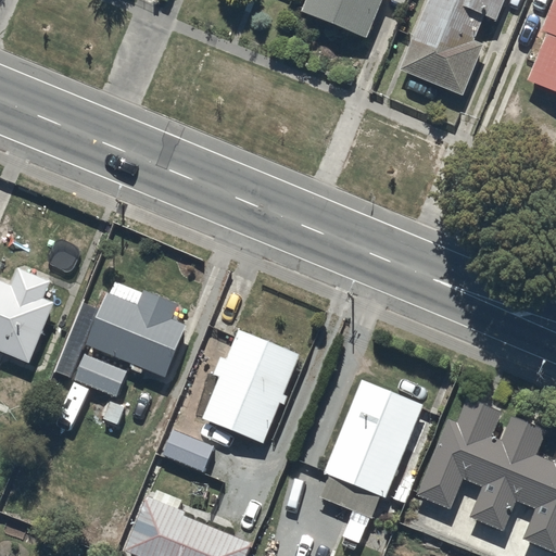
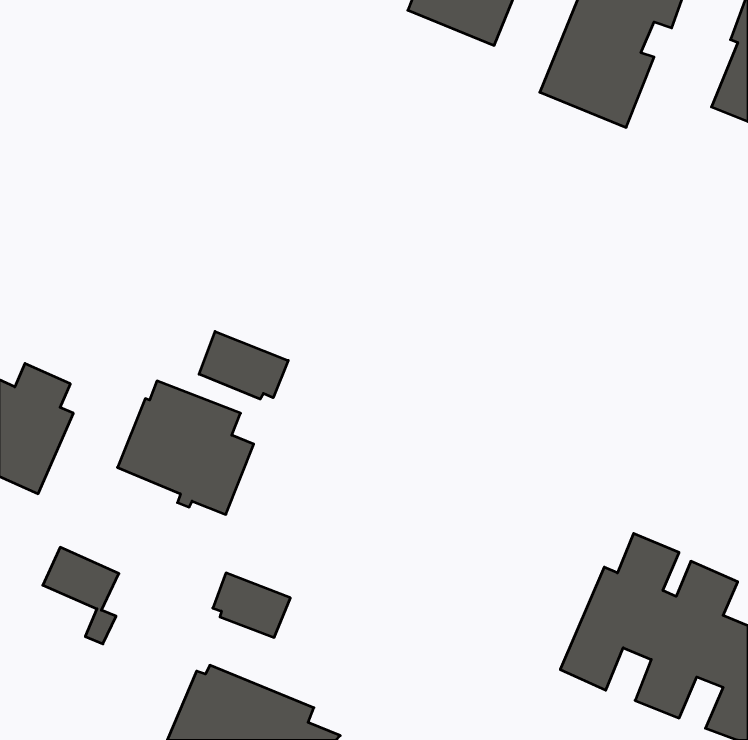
building: none -> [199,331,288,399]
building: [203,332,298,444] -> none
building: [72,352,128,424] -> [43,547,119,644]
building: [320,374,424,513] -> none

